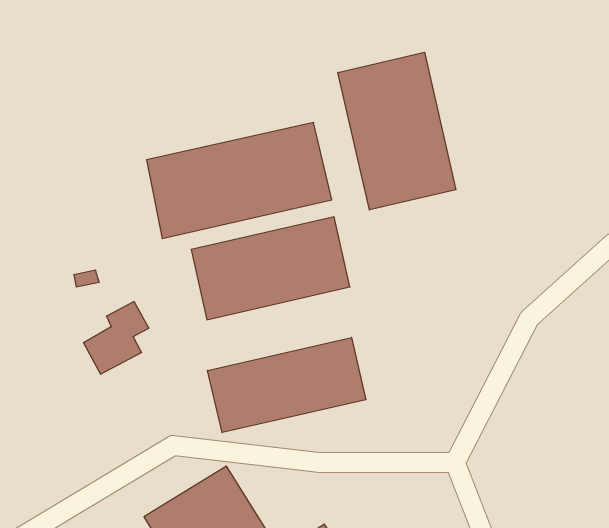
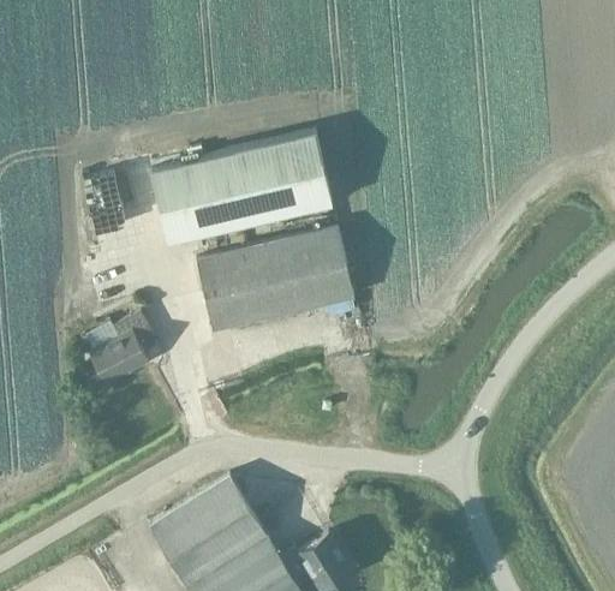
building: [338,52,456,210] -> none
building: [207,337,366,433] -> none

